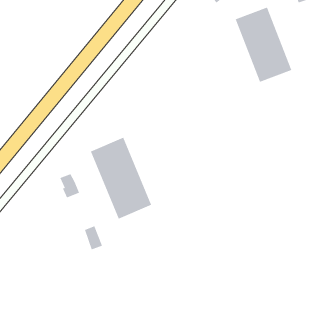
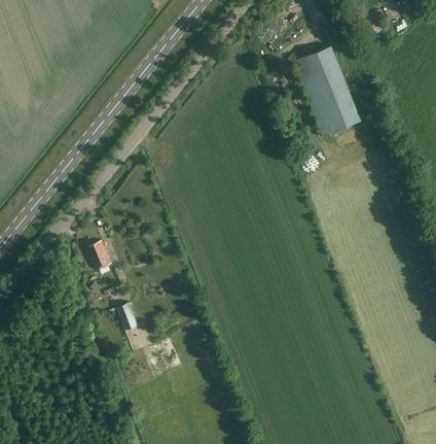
building: [90,137,152,219] -> none

